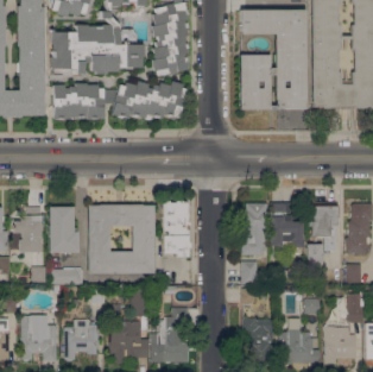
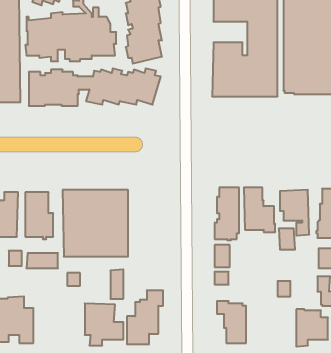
building: [163,201,190,257] -> none
building: [65,319,100,359] -> none
building: [280,319,321,365] -> none

